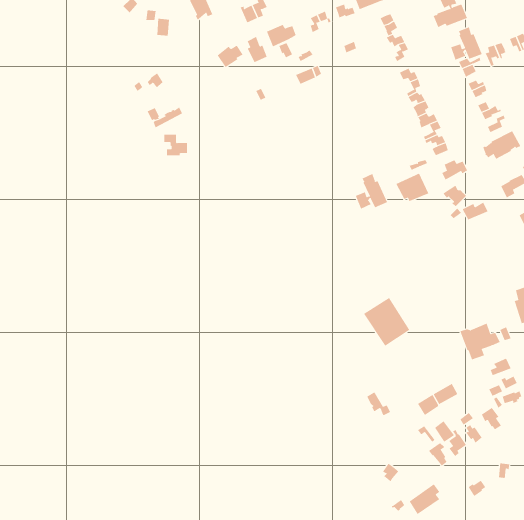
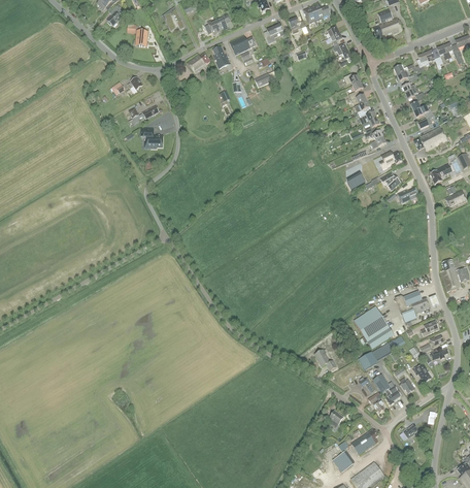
building: [450,26,482,61] -> none
building: [355,173,388,210] -> none
building: [363,297,410,347] -> [354,305,394,348]

